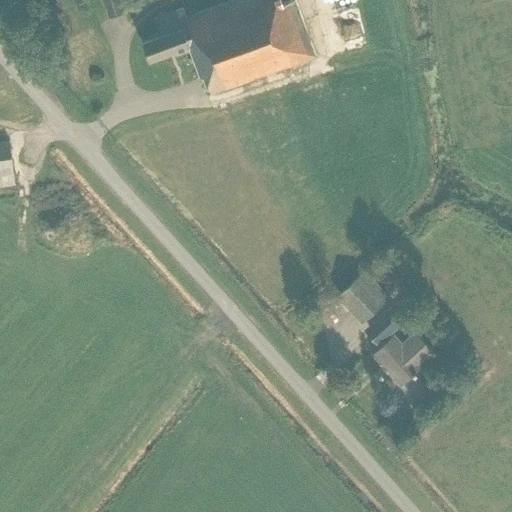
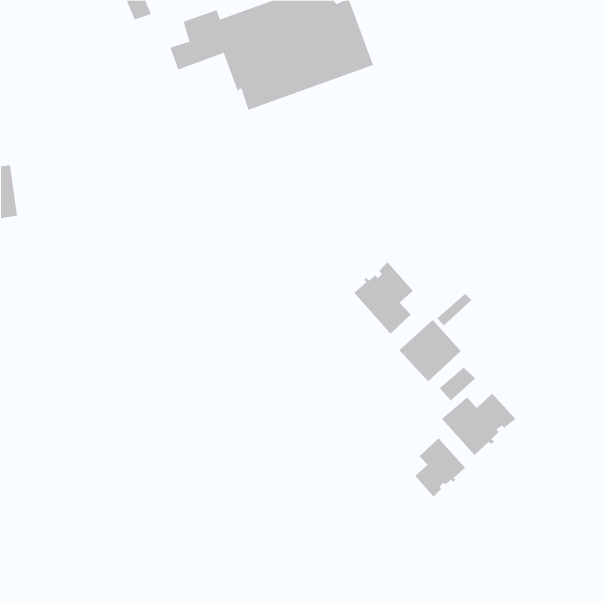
building: none -> [353,262,414,334]
building: none -> [414,438,466,497]

